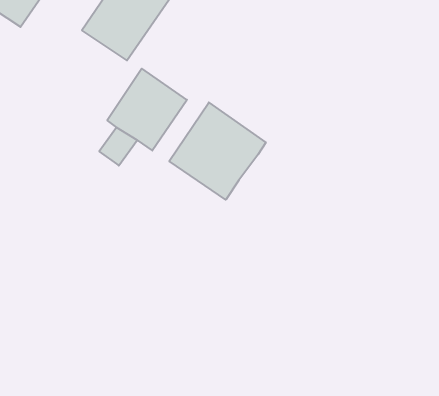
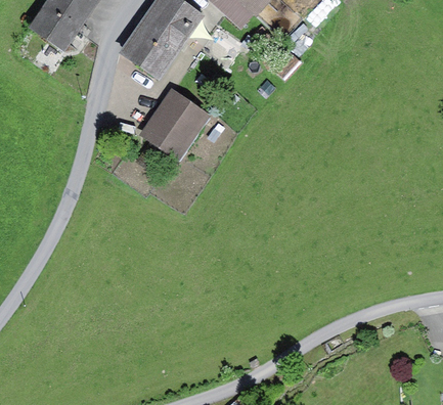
building: [169,102,266,200] -> none

